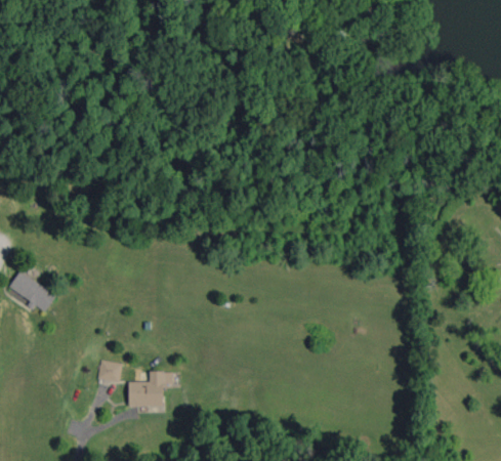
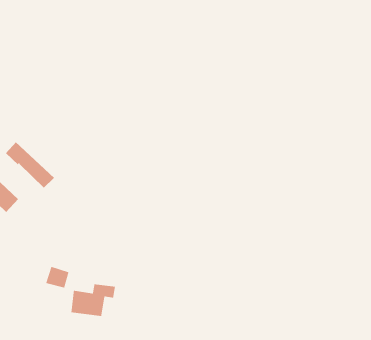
building: none -> [5,141,55,189]

